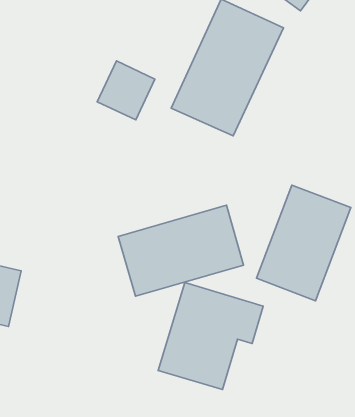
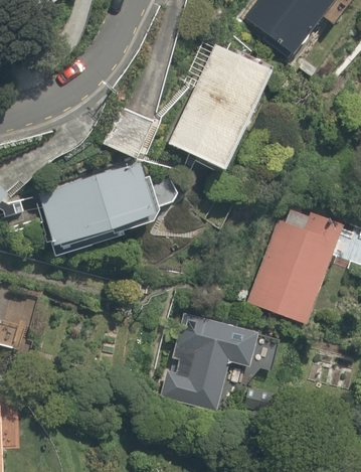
building: [118,205,244,296] -> [36,162,154,248]

